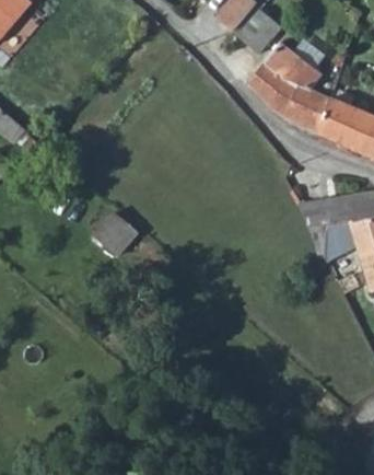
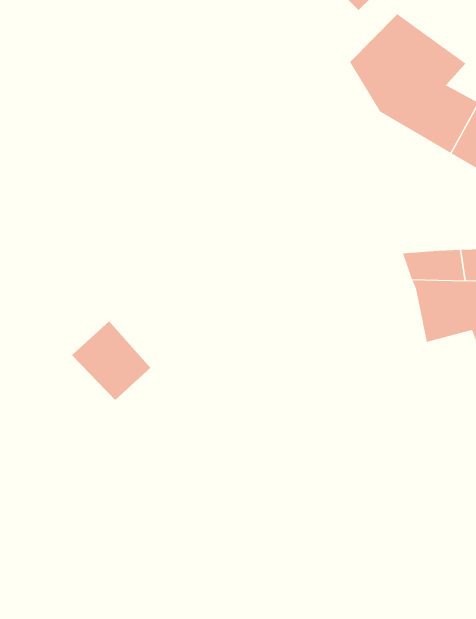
building: [94,208,147,259] -> [71,321,151,401]

